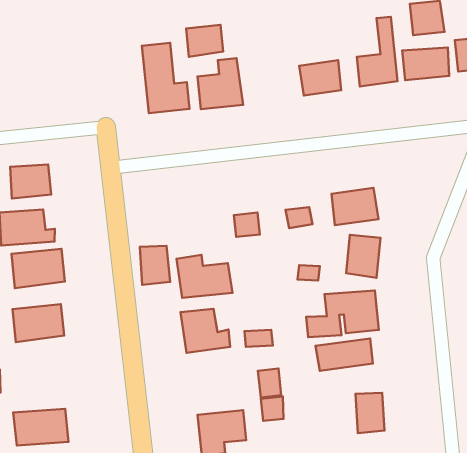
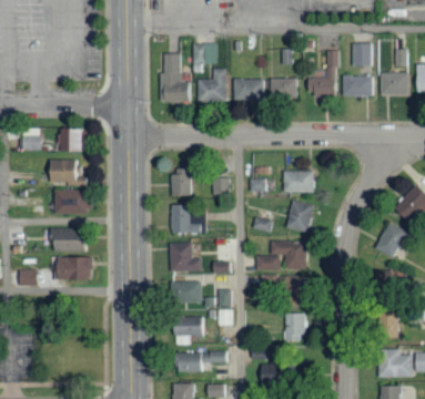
building: none -> [234,79,265,100]
building: [140,246,170,285] -> [171,168,191,195]
building: none -> [170,282,202,301]
building: [13,409,69,445] -> [54,256,91,280]

